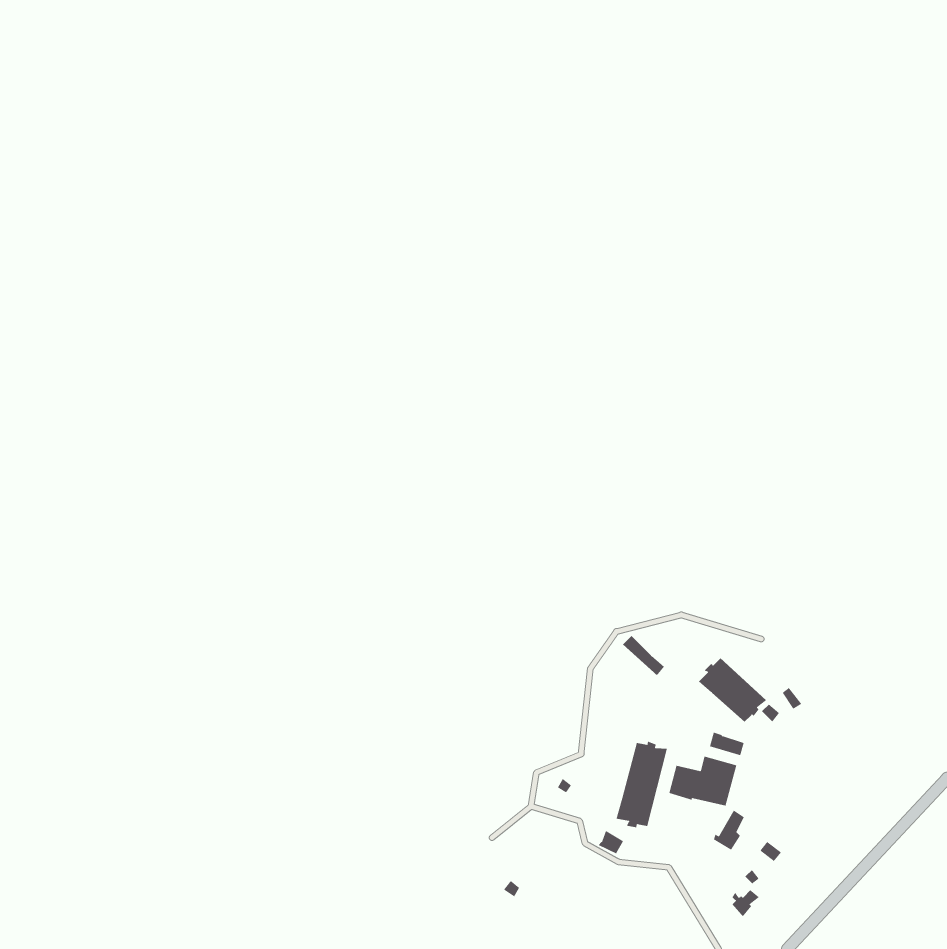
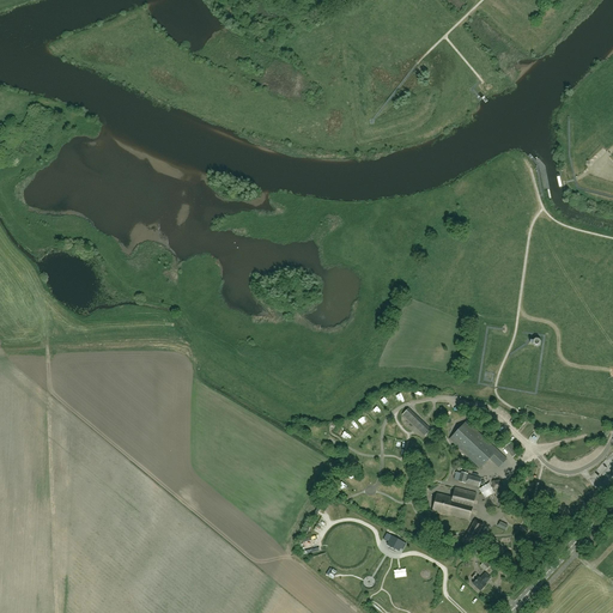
building: [616,741,668,828] -> none

